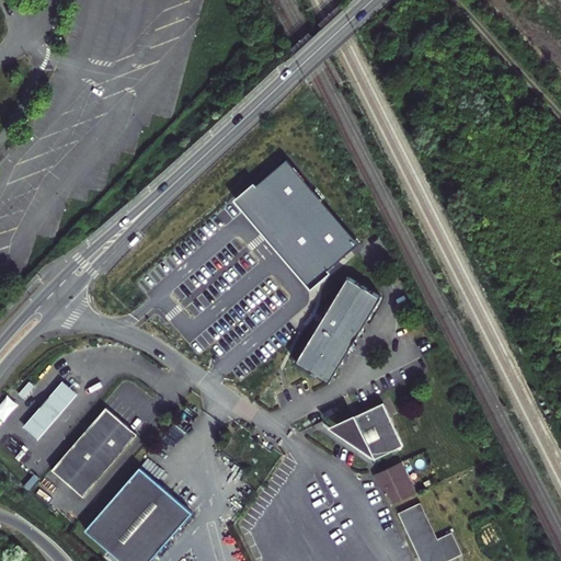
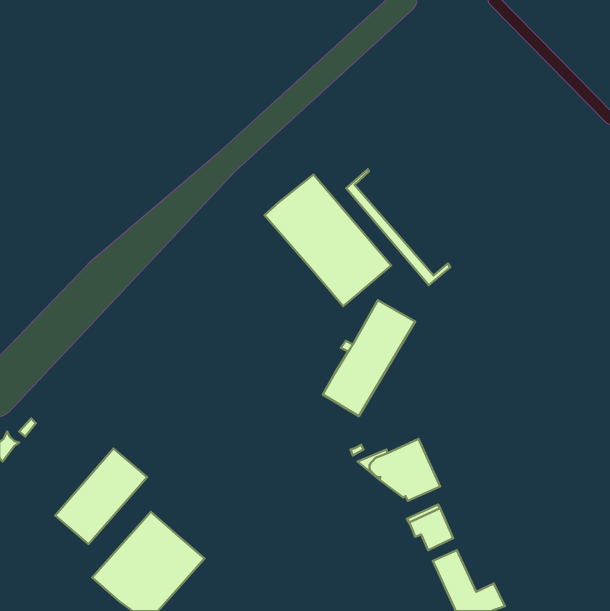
building: [234,183,330,289] -> [346,169,450,285]
building: [23,379,77,438] -> none

